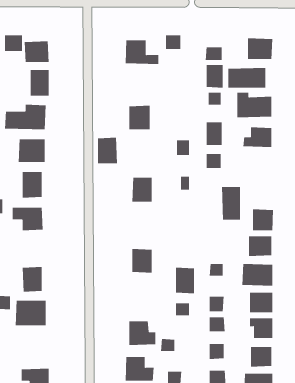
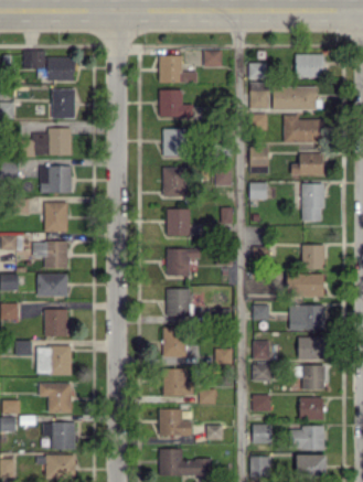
building: none -> [159,90,196,118]
building: [97,137,118,164] -> [163,168,186,197]
building: [221,186,241,220] -> [301,184,323,222]
building: none -> [167,249,201,277]
building: none -> [38,275,67,297]
building: [175,267,195,294] -> [163,328,185,357]
building: none -> [39,384,71,414]

